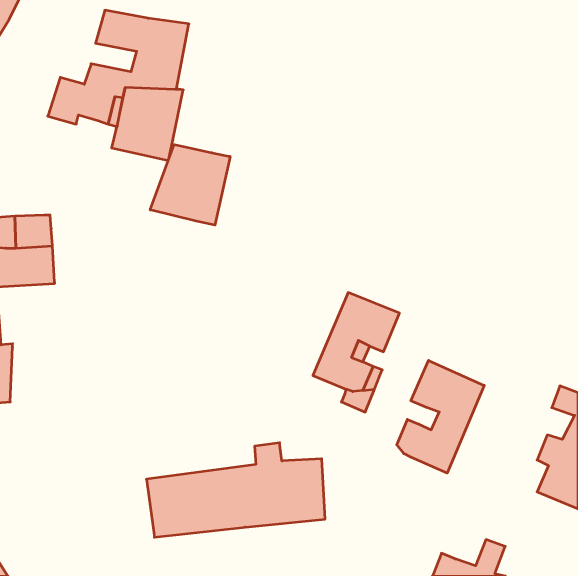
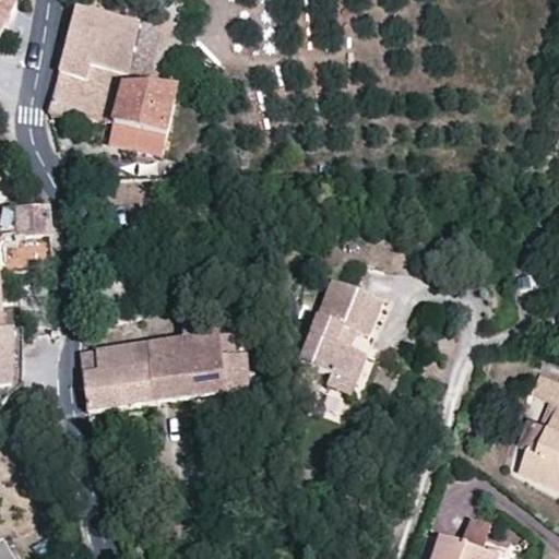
building: none -> [58,5,100,81]
building: [150,145,230,225] -> none
building: [397,360,484,473] -> none
building: [146,443,325,537] -> [78,318,249,408]

